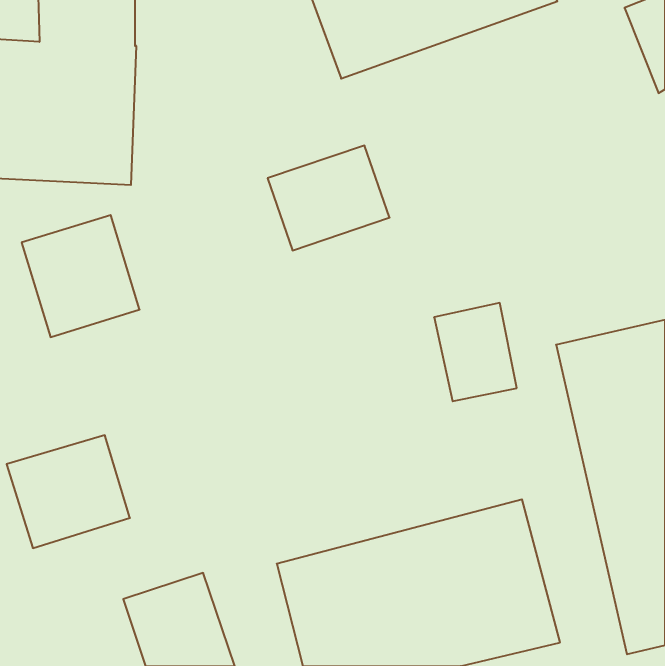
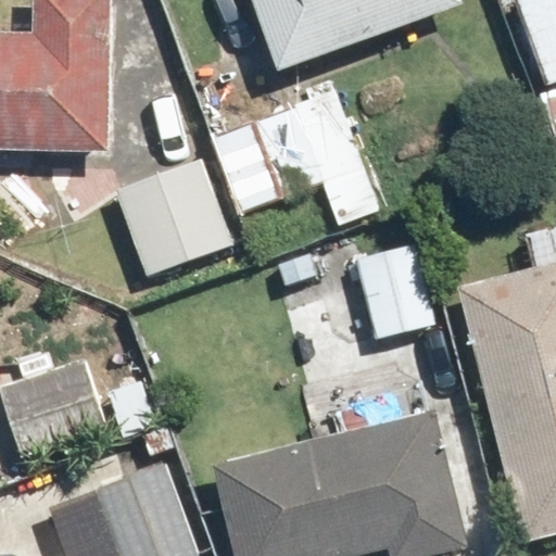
building: [22,215,140,337] -> [124,167,222,268]

